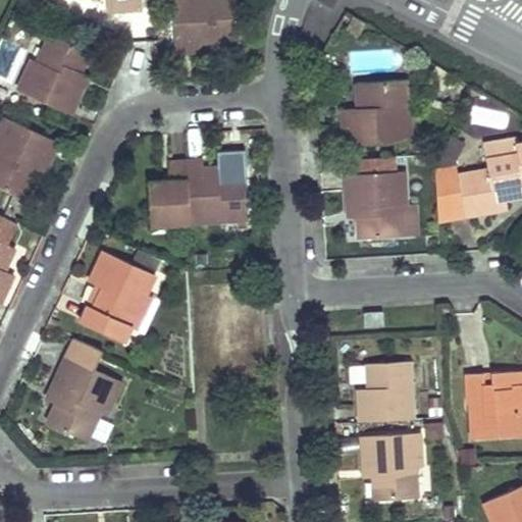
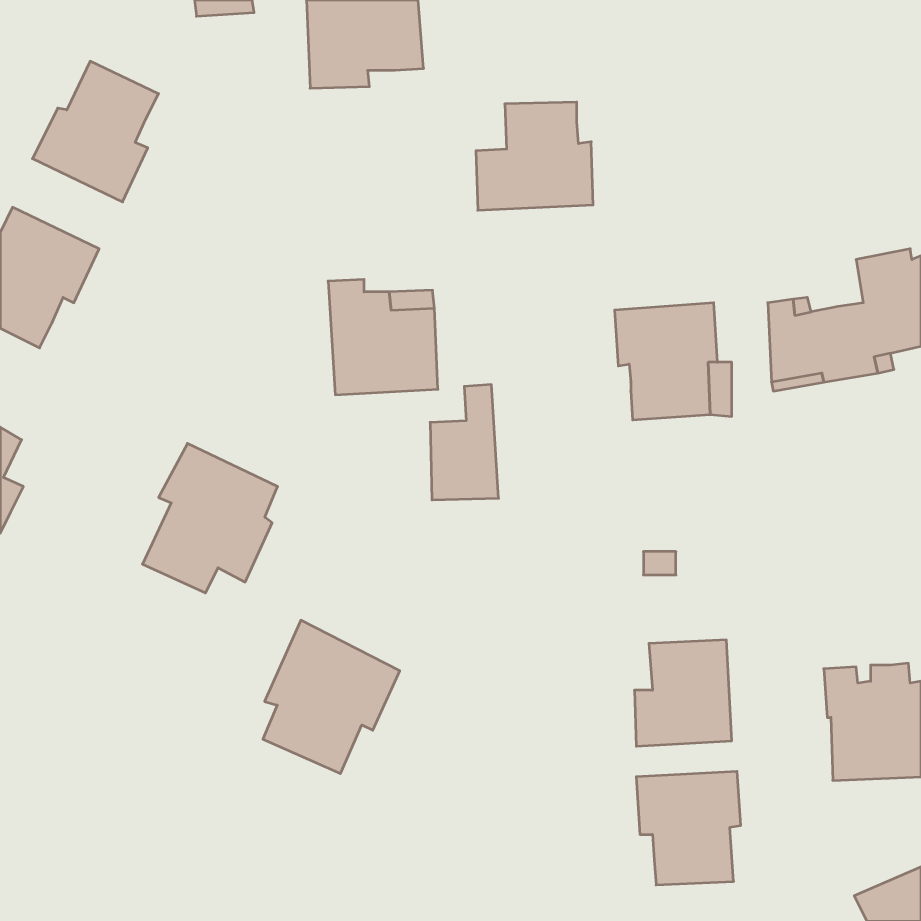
building: [344,82,410,143] -> [476,102,593,210]
building: [151,159,190,224] -> [430,385,499,500]
building: [46,353,123,439] -> [263,620,400,774]

